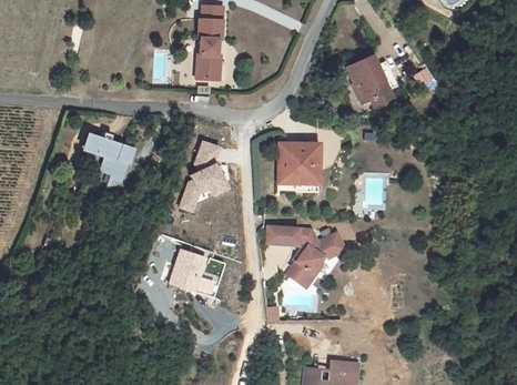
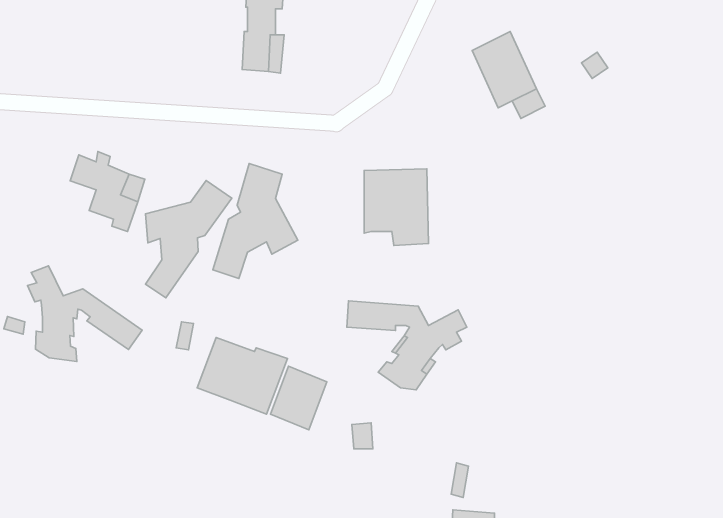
building: none -> [145,181,232,298]
building: none -> [27,266,142,361]
building: none -> [271,366,327,430]

